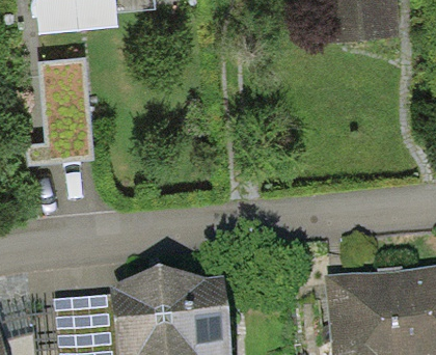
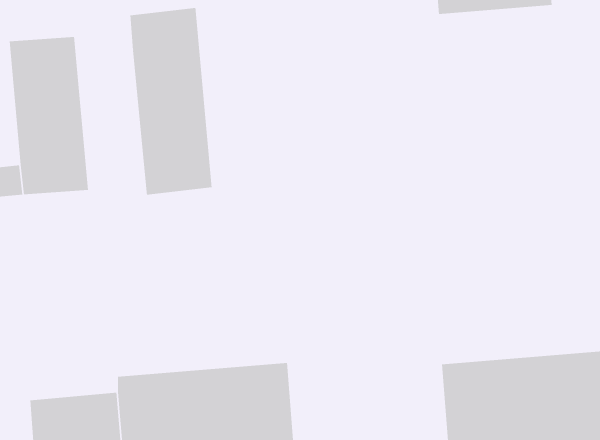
building: none -> [130,7,212,195]

